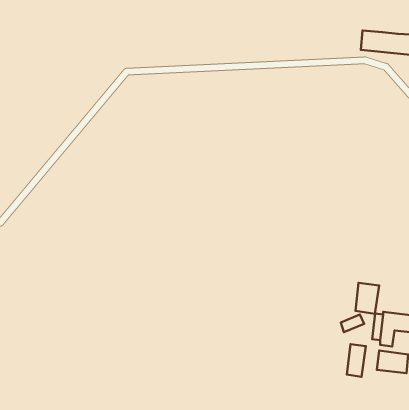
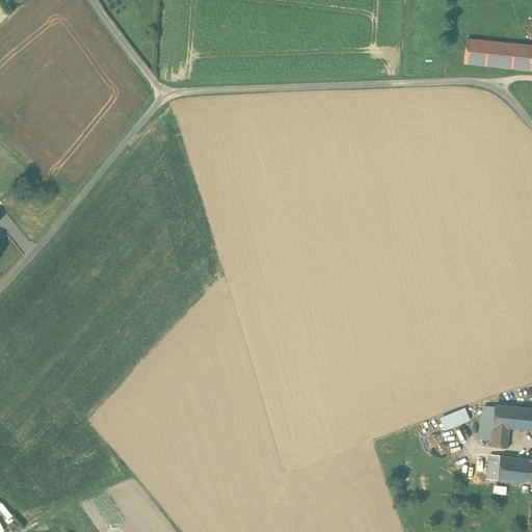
building: [356,283,379,314] -> none
building: [347,344,366,377] -> none

